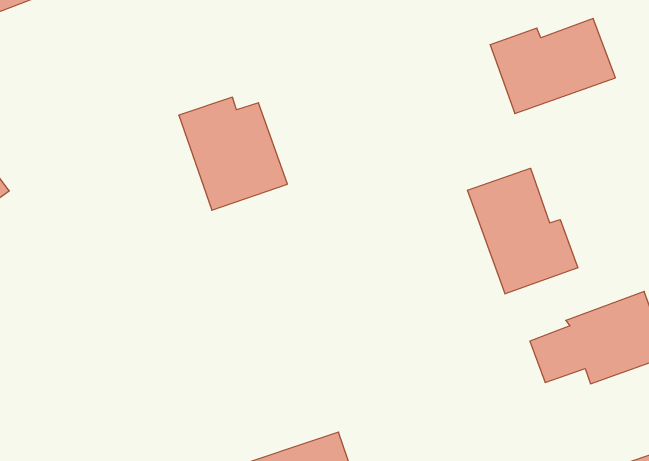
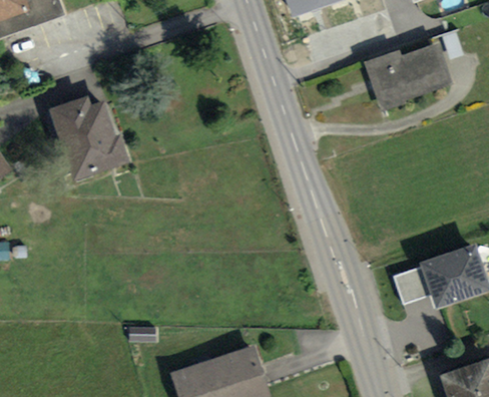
building: [179,97,287,210] -> [47,94,126,176]
building: [468,168,578,294] -> none

